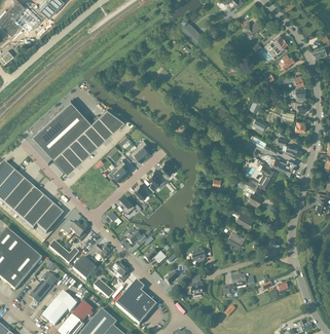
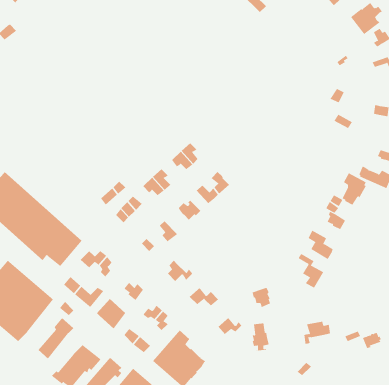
building: [33,99,125,172] -> none

